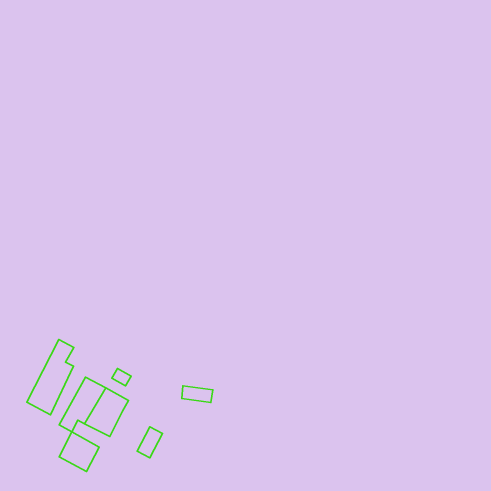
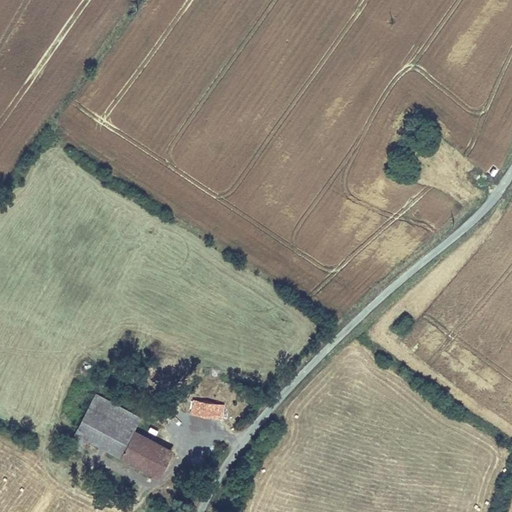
building: [27,340,74,415] -> none
building: [59,432,99,472] -> [119,429,160,470]

